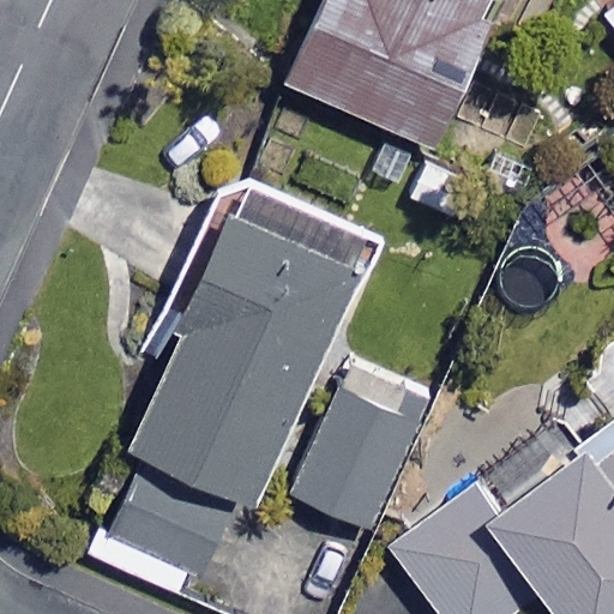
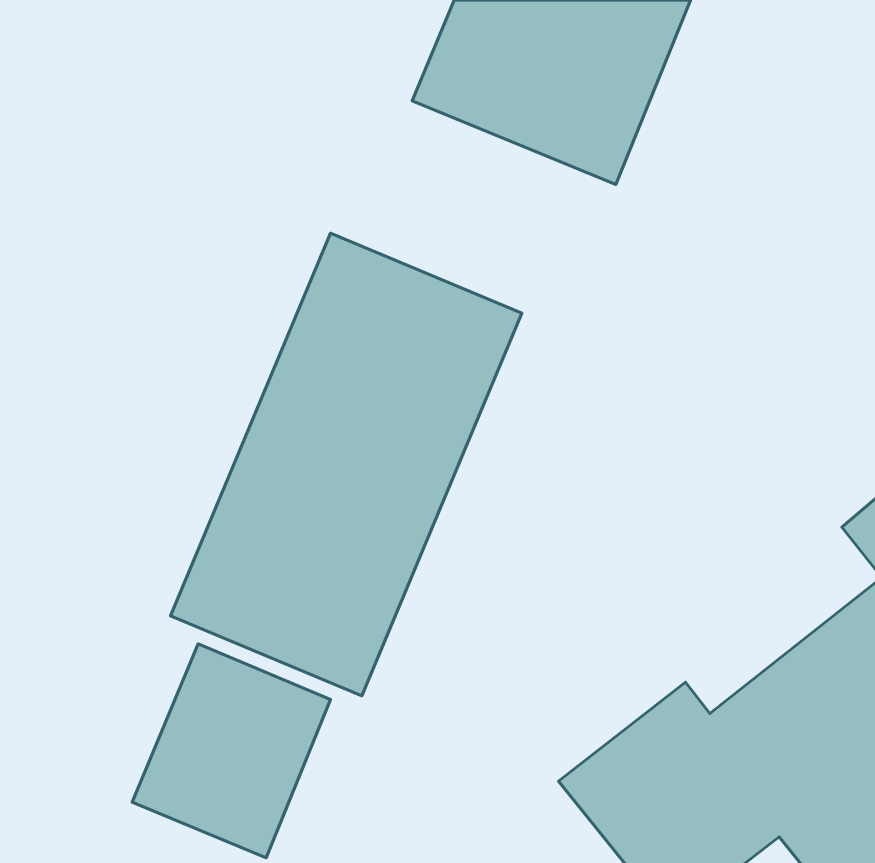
building: [296,366,434,530] -> none

